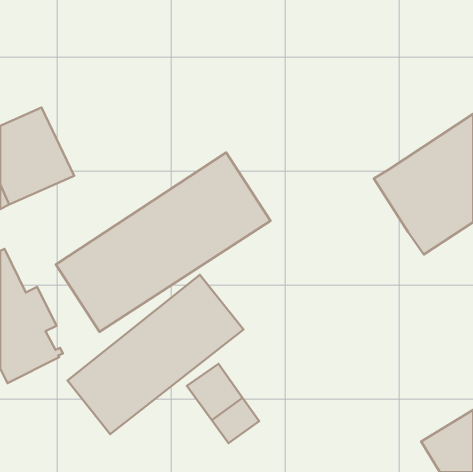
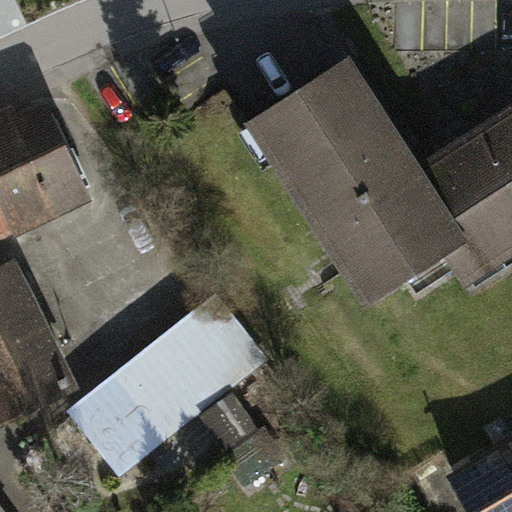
building: none -> [256,64,441,296]
building: [56,152,271,332] -> none

